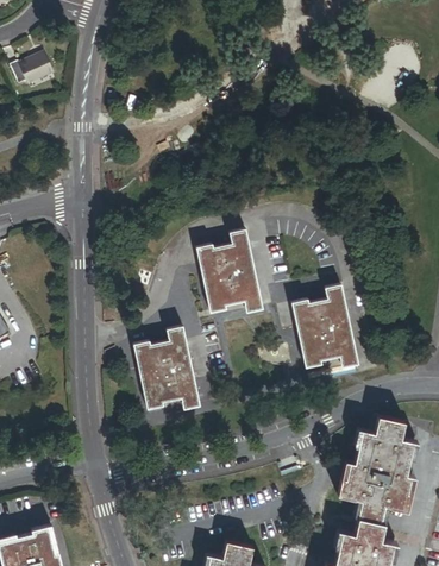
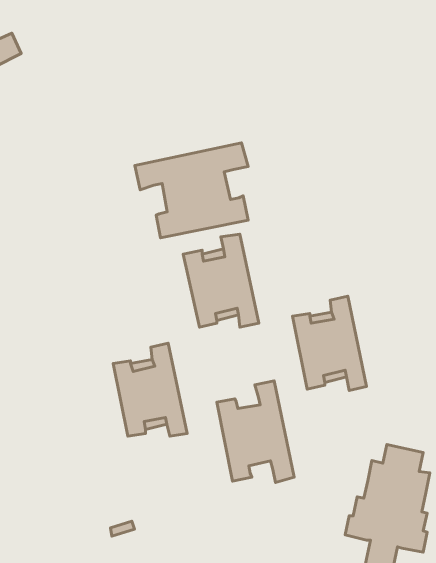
building: none -> [135,143,248,238]
building: none -> [217,381,294,483]

